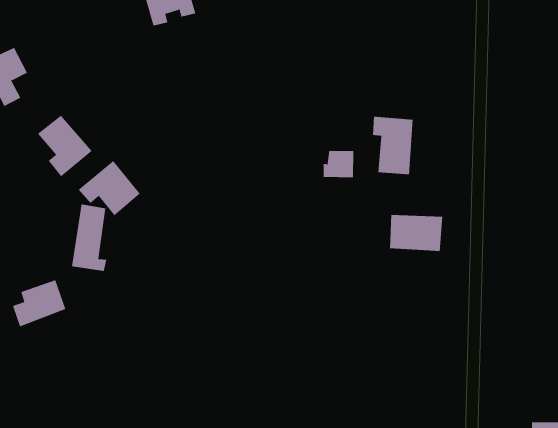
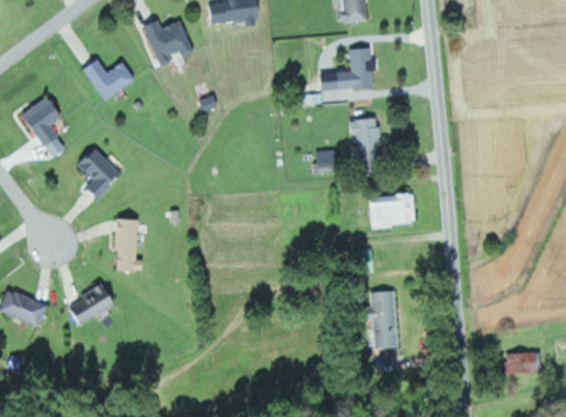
building: none -> [82,59,135,101]
building: none -> [321,48,374,91]
building: [78,160,140,216] -> none
building: none -> [371,291,397,347]

